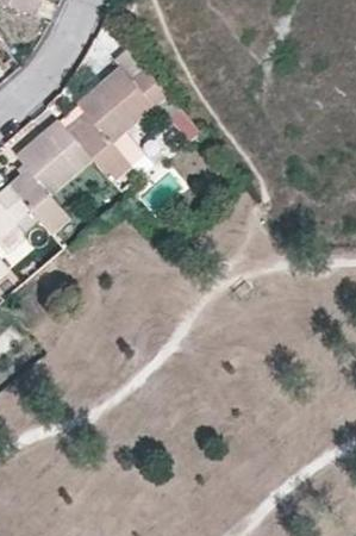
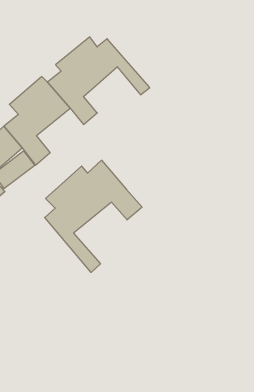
building: none -> [45,160,142,272]

